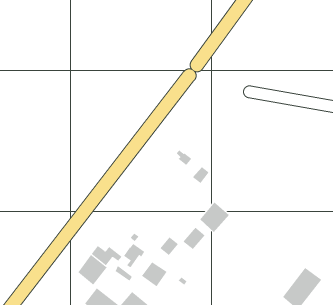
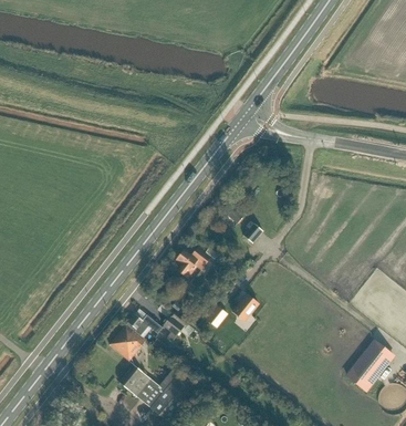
building: none -> [175,247,209,279]
building: [200,202,230,233] -> none
building: [141,262,167,287] -> none

